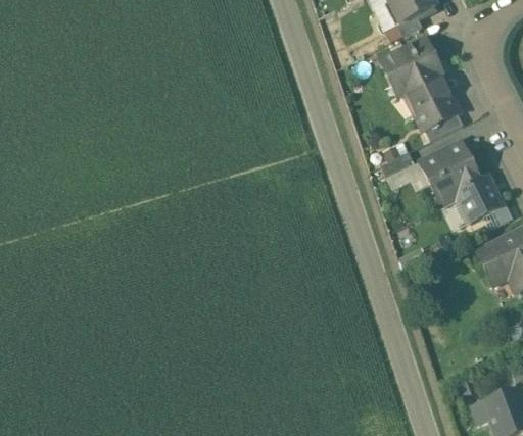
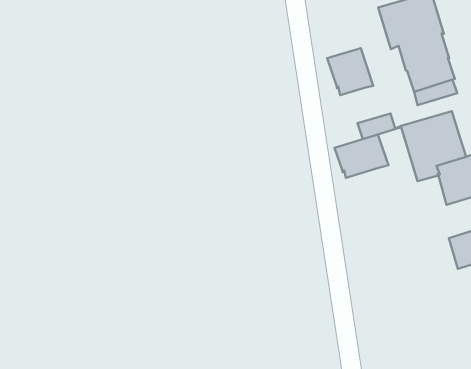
building: none -> [327,48,373,95]
building: none -> [334,135,389,178]

